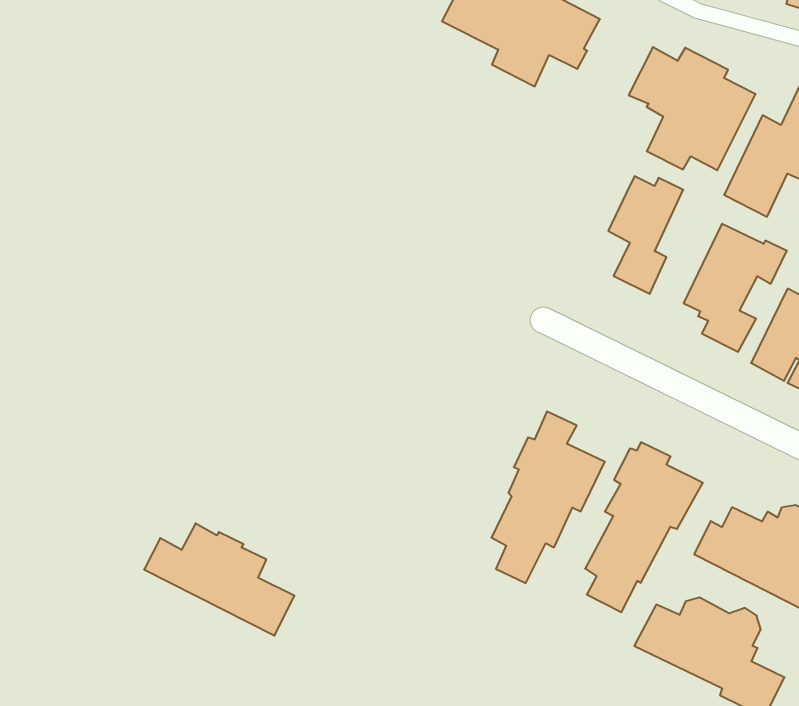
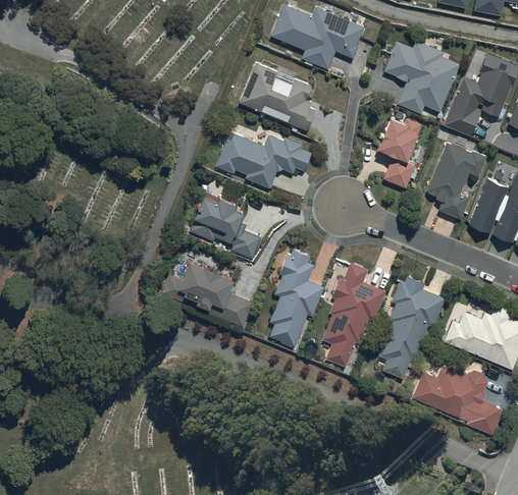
building: none -> [239,63,315,131]
building: none -> [215,132,311,188]
building: none -> [190,199,262,260]
building: none -> [269,250,324,347]
building: [144,523,295,636] -> [161,264,252,327]

